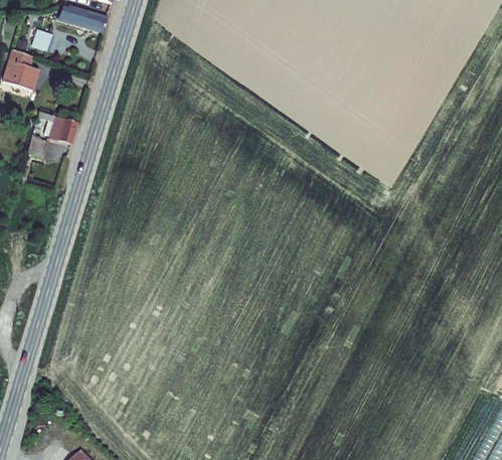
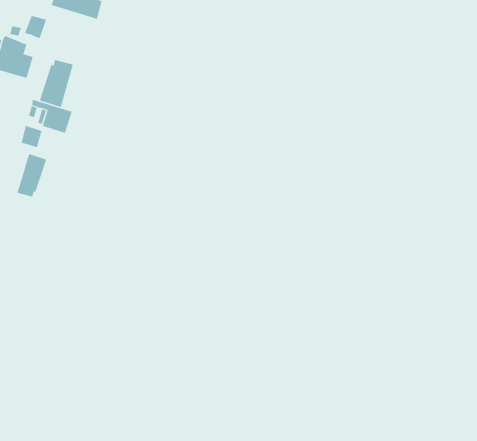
building: none -> [39,59,74,108]
building: none -> [17,153,47,197]

